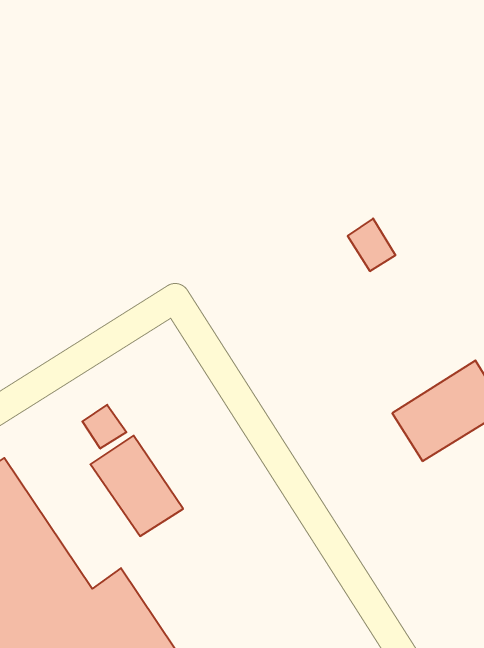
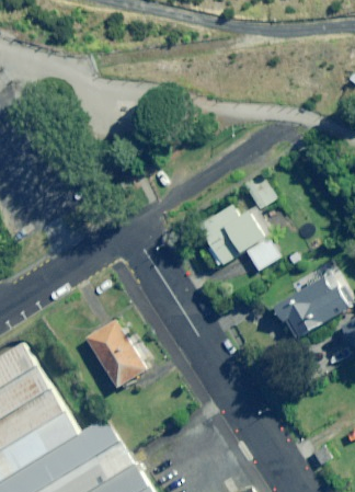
building: none -> [201,206,283,272]
building: [82,405,126,449] -> none

